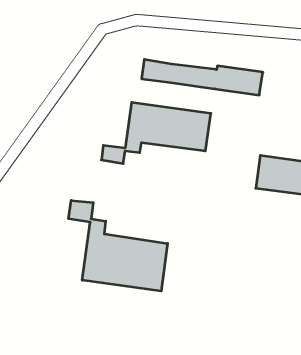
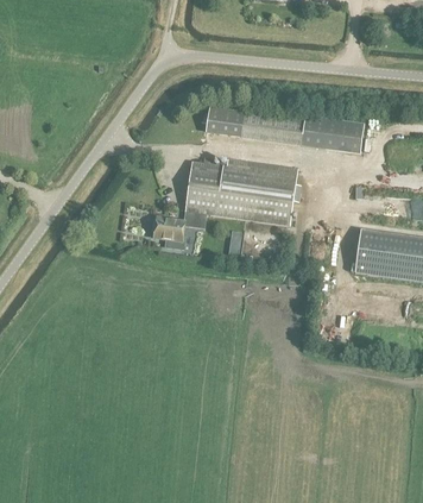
building: [69,200,168,291] -> none

